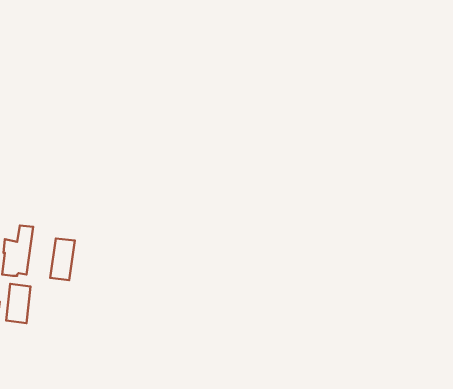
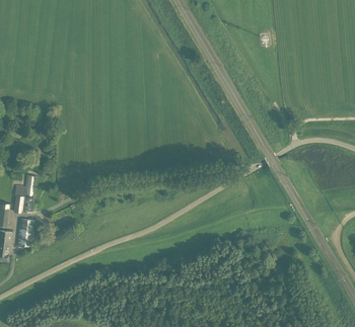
building: [50,238,75,280] -> none

